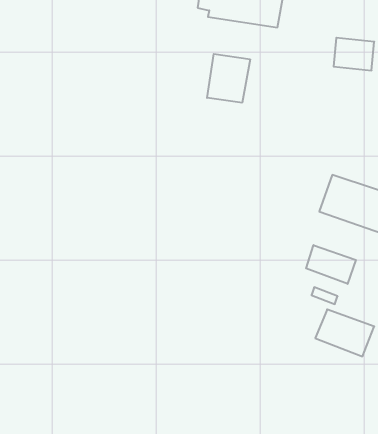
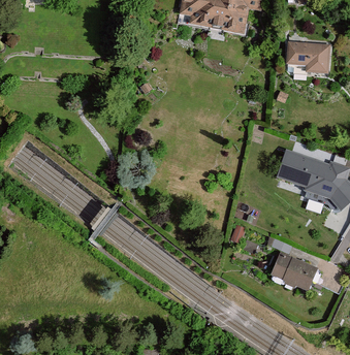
building: [207,54,250,103] -> none
building: [306,245,356,284] -> none

